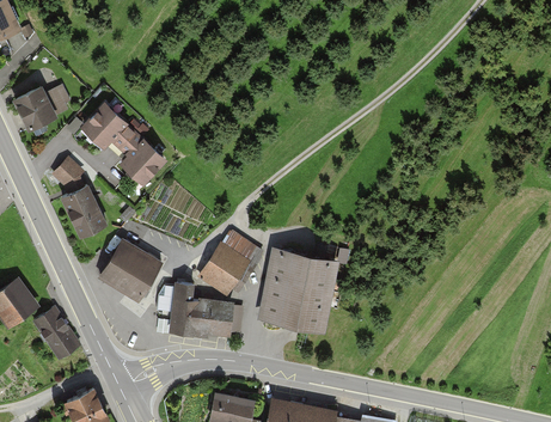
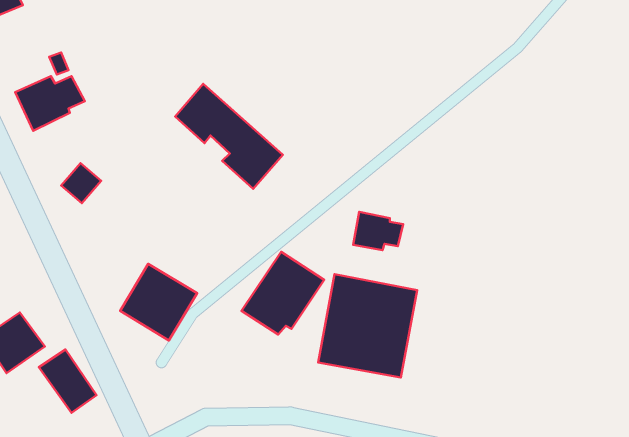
building: [81,103,169,188] -> [175,84,283,189]
building: [61,186,106,239] -> none
building: none -> [353,212,403,250]
building: [170,283,235,337] -> none

